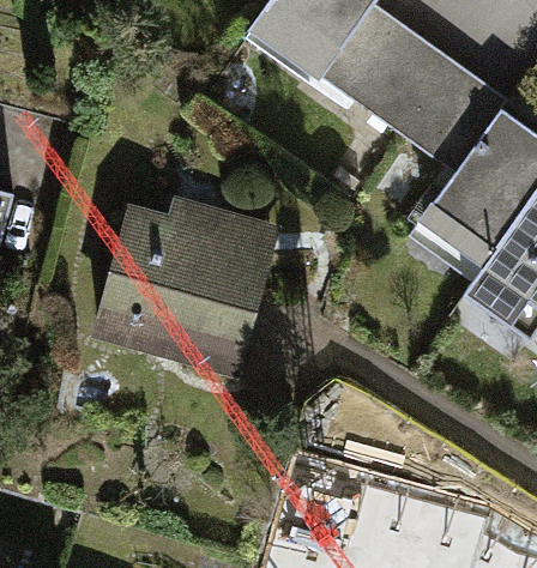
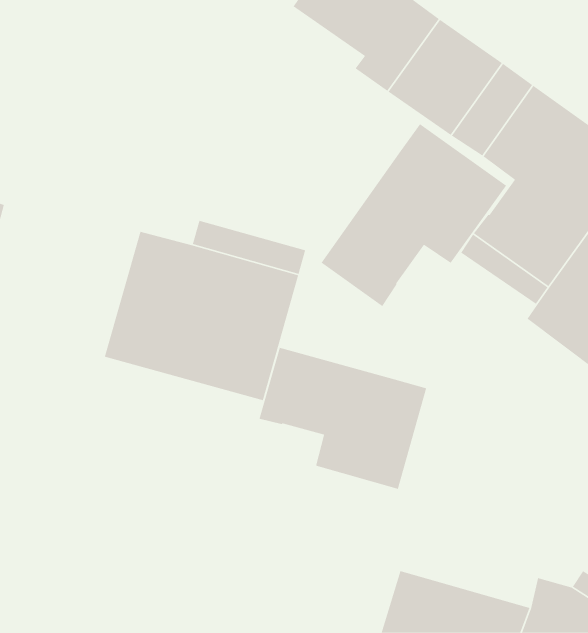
building: none -> [320,123,507,307]
building: none -> [258,347,427,490]

